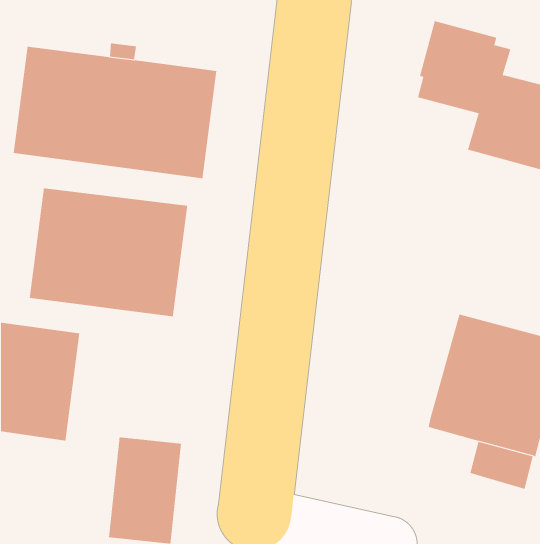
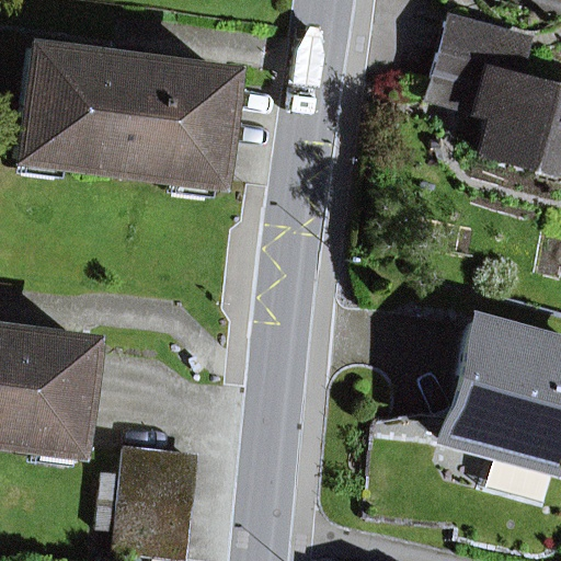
building: [29,187,188,317] -> none

